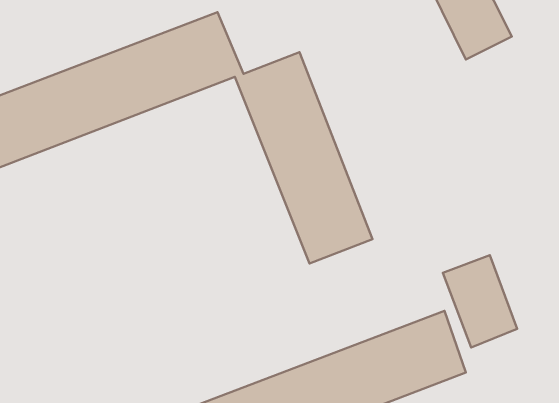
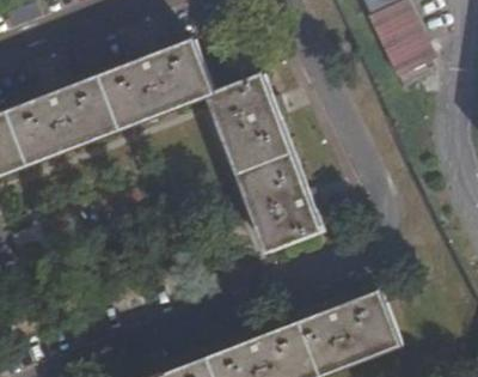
building: [443,255,517,347] -> none

